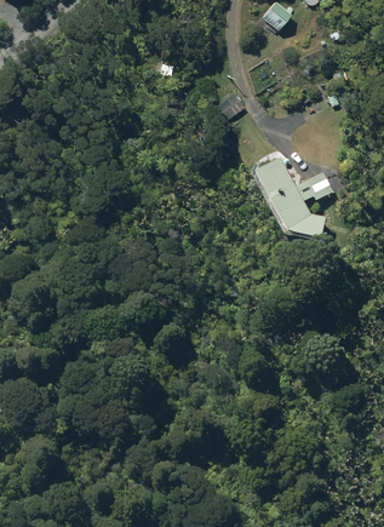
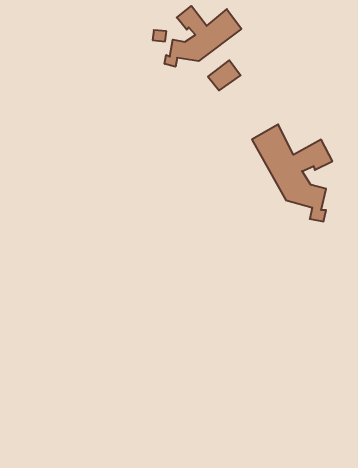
building: none -> [165,6,241,67]

